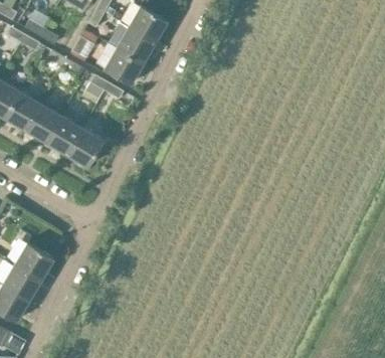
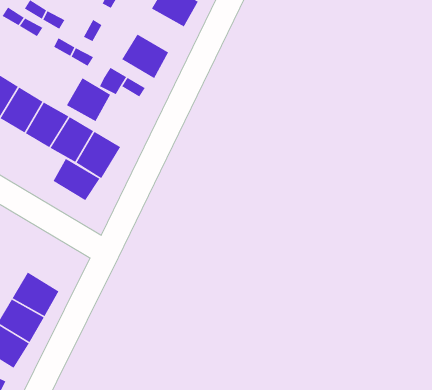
building: [116,28,154,63] -> none
building: none -> [66,77,111,122]
building: none -> [52,158,100,201]

